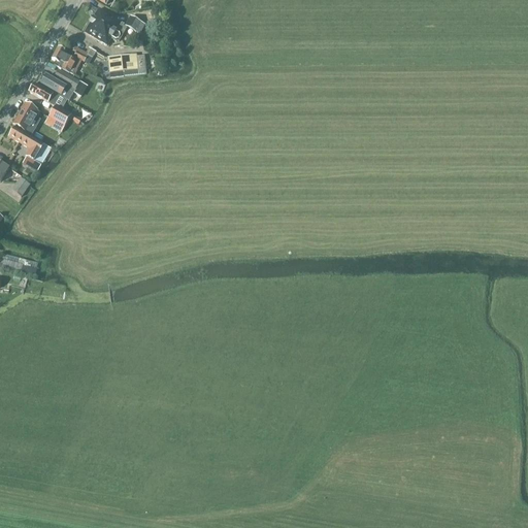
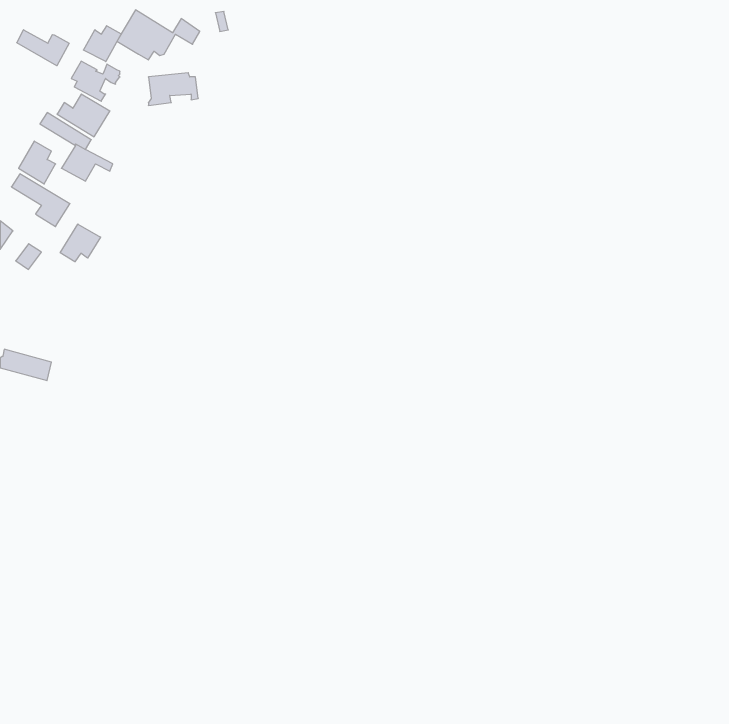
building: none -> [83,26,121,62]
building: none -> [17,30,69,66]
building: none -> [60,224,101,262]

